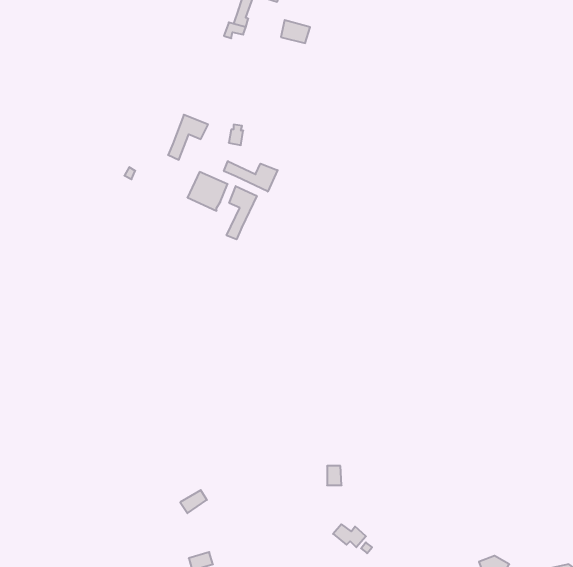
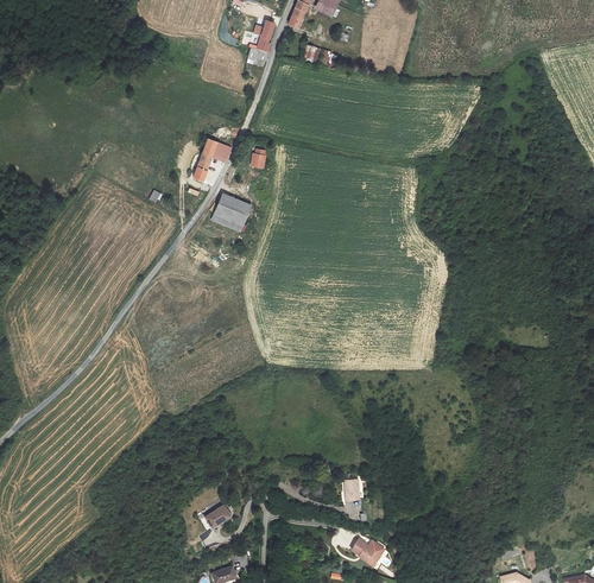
building: [224,161,278,192] -> none
building: [227,186,257,239] -> none

